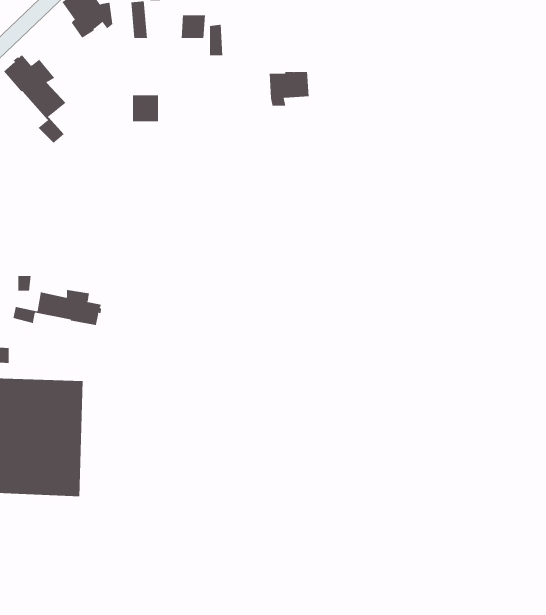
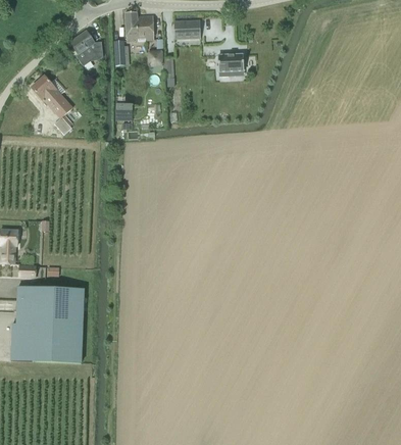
building: [269,72,310,106] -> [217,54,244,77]
building: [13,289,102,326] -> none

